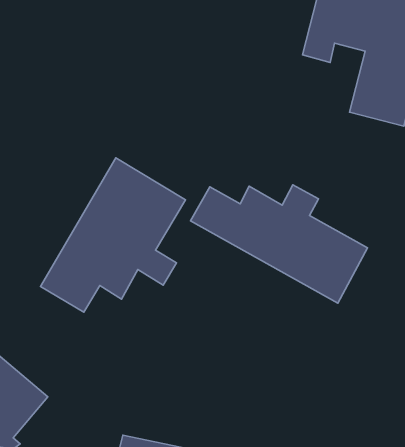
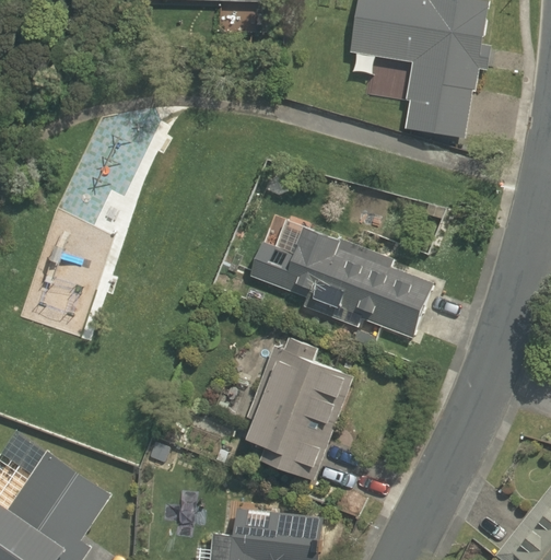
building: [40,158,185,312] -> none
building: none -> [226,336,365,486]

